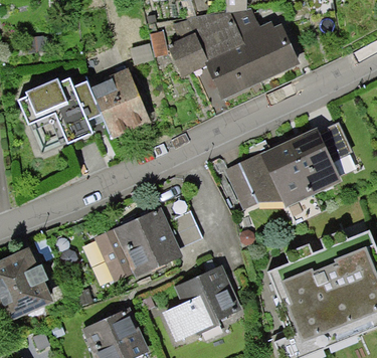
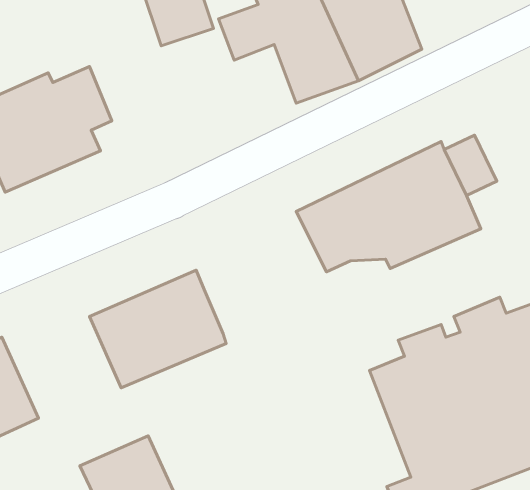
building: [96,72,154,138] -> none
building: [162,209,197,247] -> none
building: [163,265,242,342] -> none

